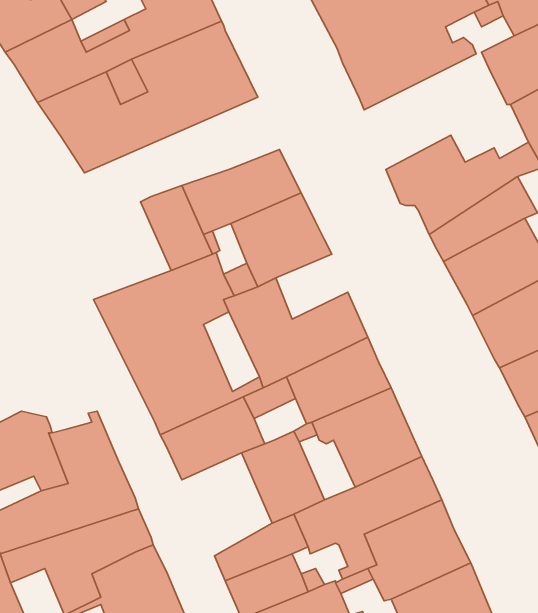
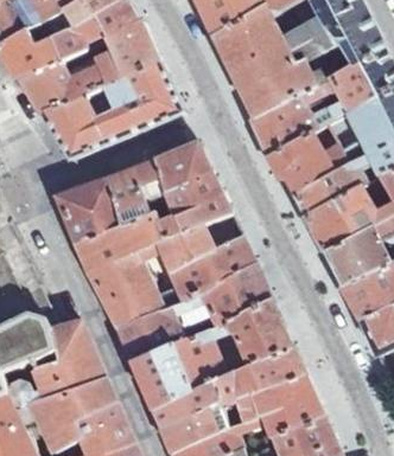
building: none -> [249,79,345,156]
building: none -> [53,178,125,242]
building: none -> [132,342,191,410]

